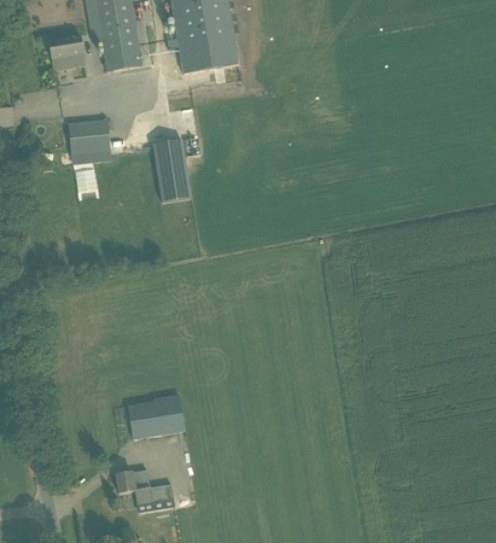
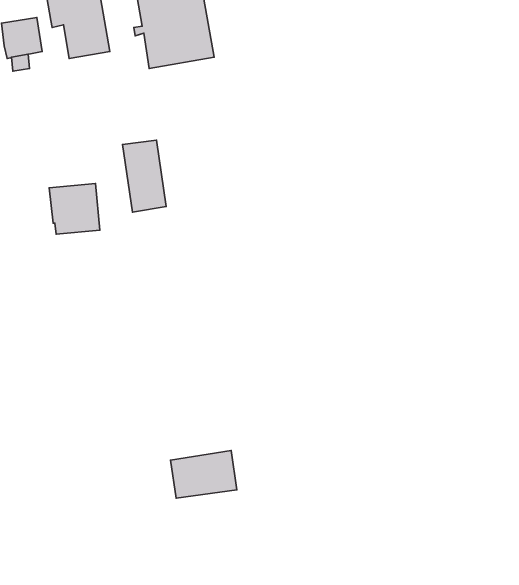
building: [69,118,112,162] -> [49,184,100,234]
building: [129,396,186,437] -> [171,450,237,498]
building: [117,468,153,502] -> none

